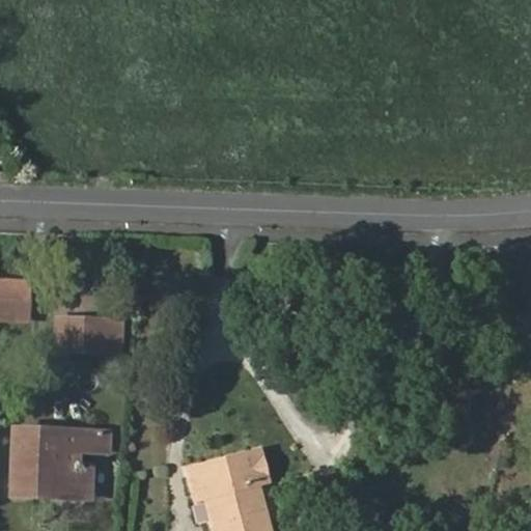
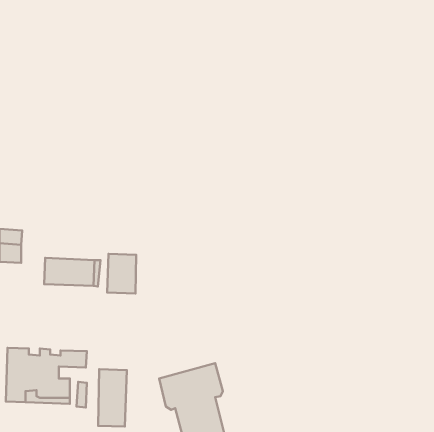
building: none -> [107,254,136,294]
building: none -> [98,369,127,427]

